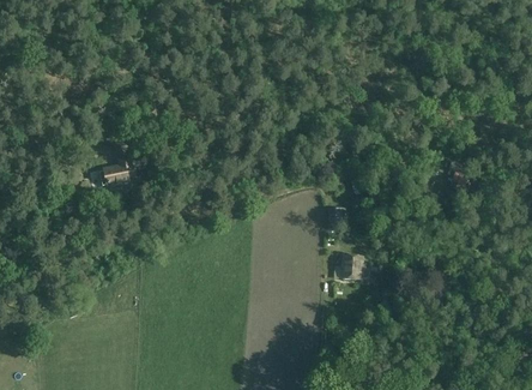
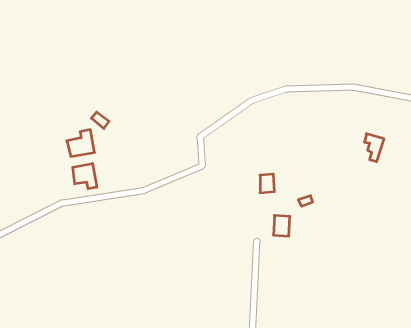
building: none -> [73,163,97,189]

